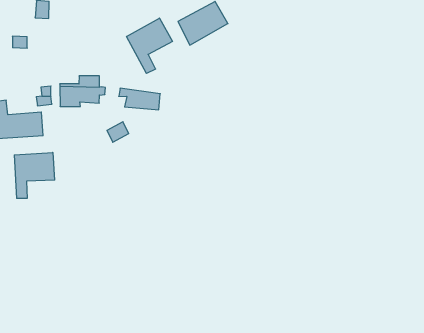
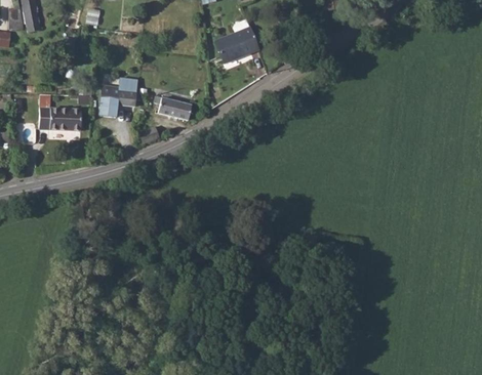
building: [127,18,172,73] -> none
building: [14,152,55,198] -> none

